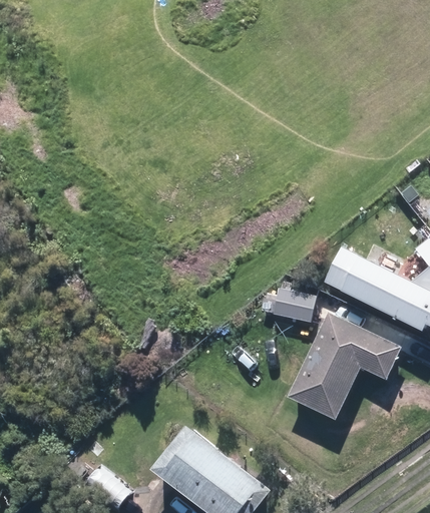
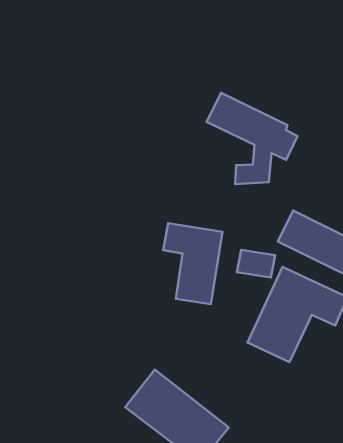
building: none -> [207,93,297,184]
building: none -> [163,223,223,304]

